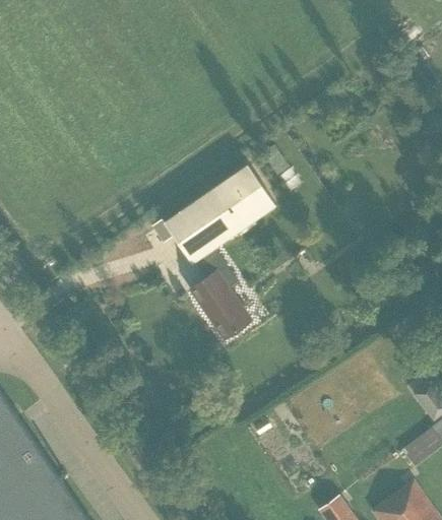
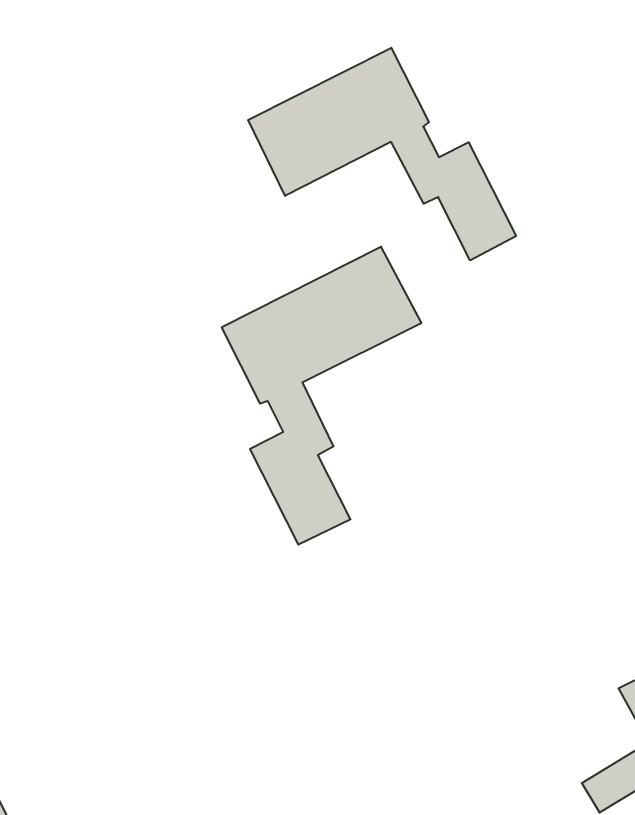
building: none -> [248,48,516,260]

